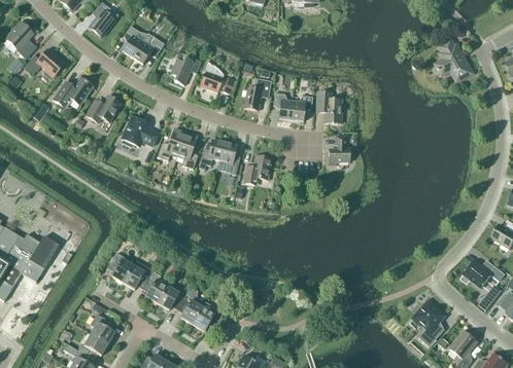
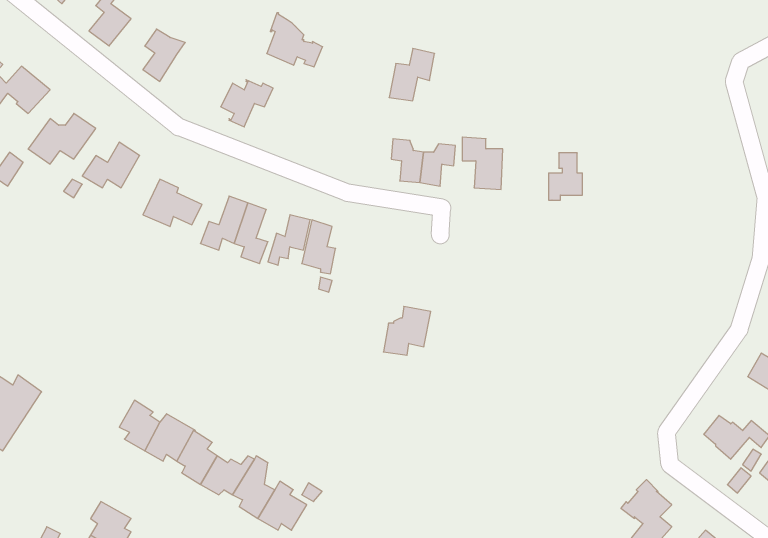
building: [132,33,164,64] -> none
building: [436,39,472,81] -> none
building: [200,61,234,94] -> [267,13,323,67]
building: [243,78,271,110] -> [389,48,435,101]
building: [329,136,349,164] -> [549,153,582,200]
building: [242,155,271,185] -> [383,306,431,355]

